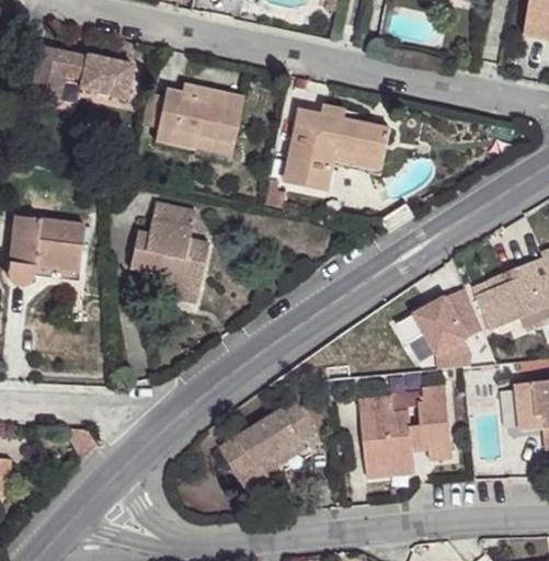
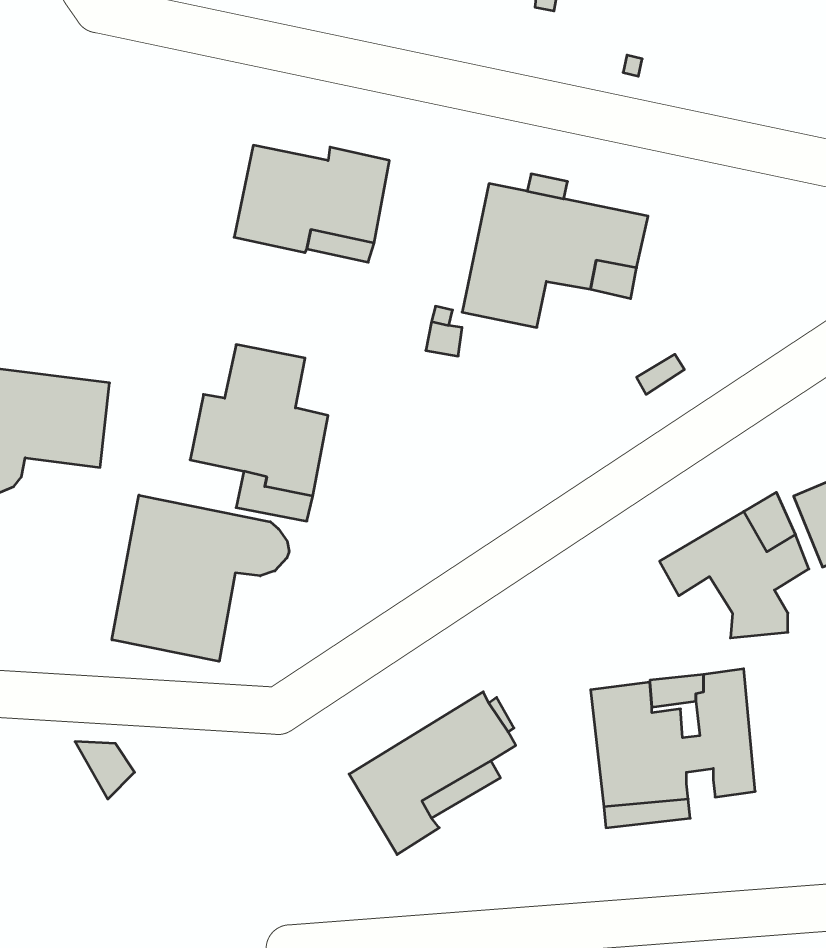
building: [32,45,131,100] -> none
building: none -> [112,495,289,661]

